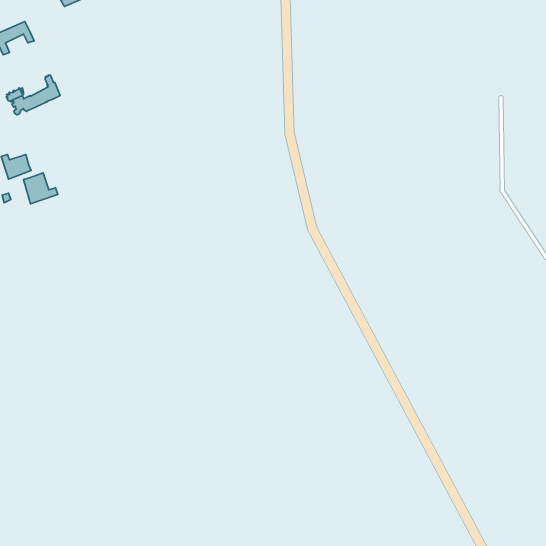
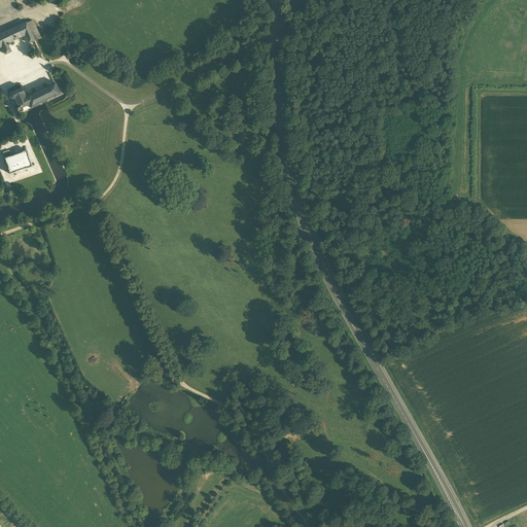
building: [24,173,58,204] -> none

